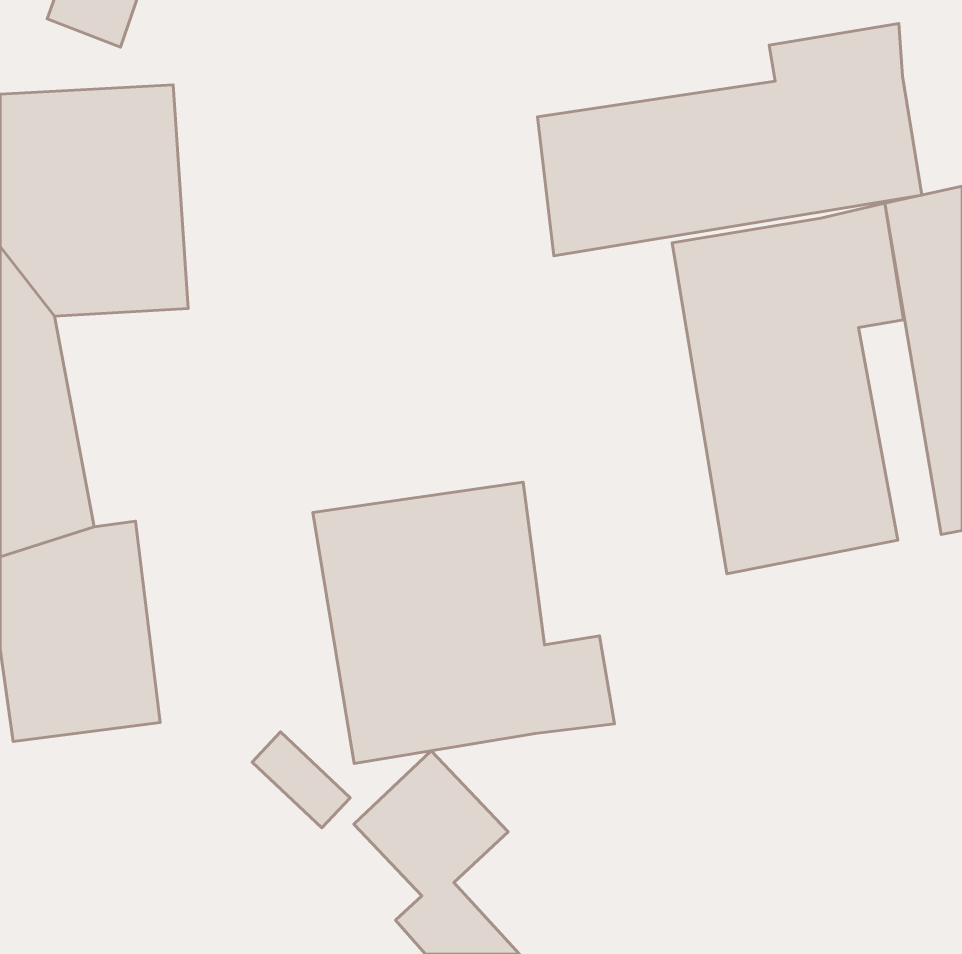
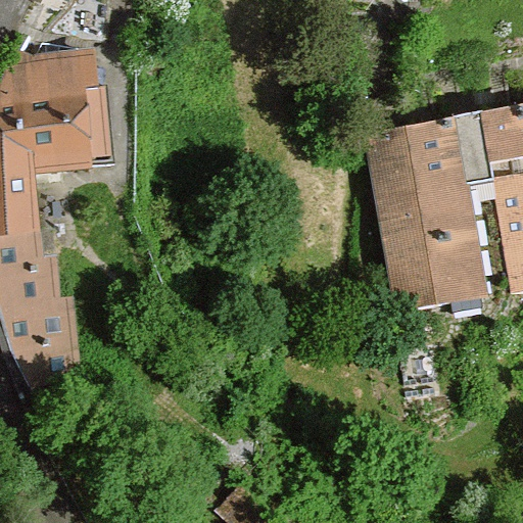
building: [537,23,922,256] -> none
building: [313,482,615,763] -> none

